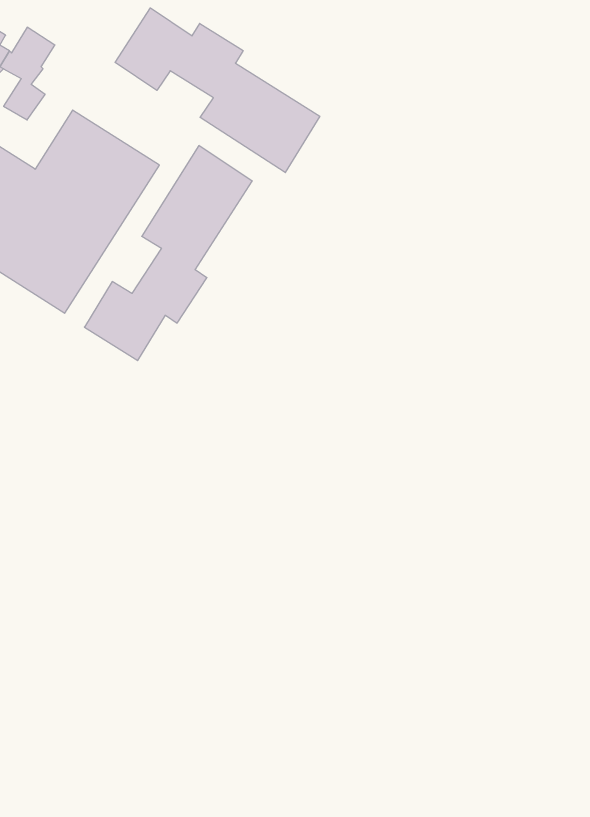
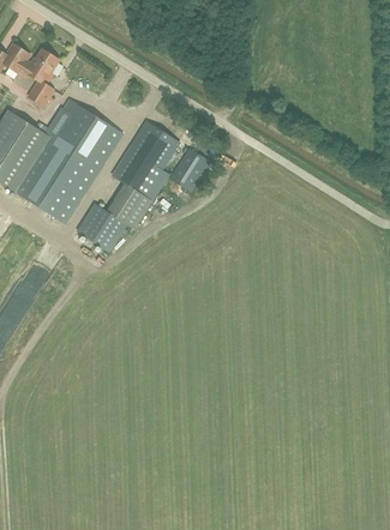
building: [115,8,320,173] -> none
building: none -> [169,147,208,189]

